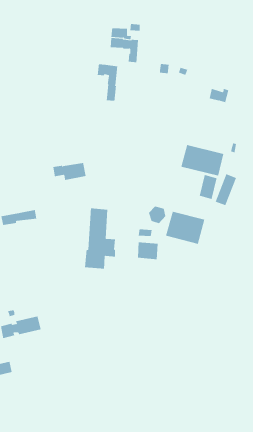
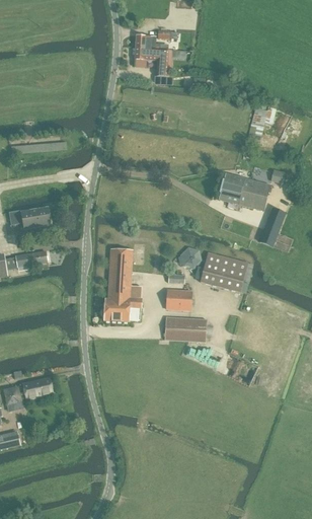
building: [97,64,118,102] -> none
building: [52,163,87,180] -> [9,207,50,228]
building: [199,174,217,200] -> none
building: none -> [164,316,206,342]

